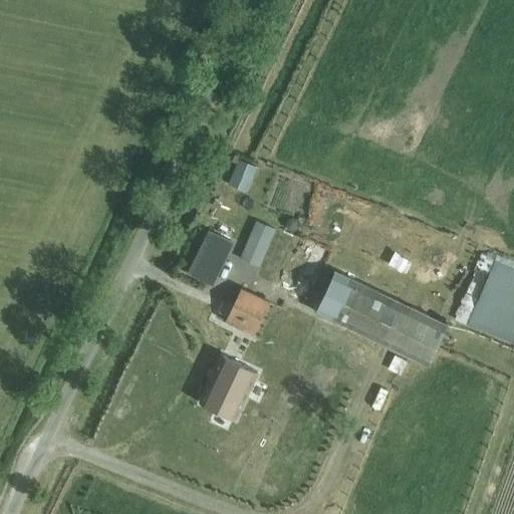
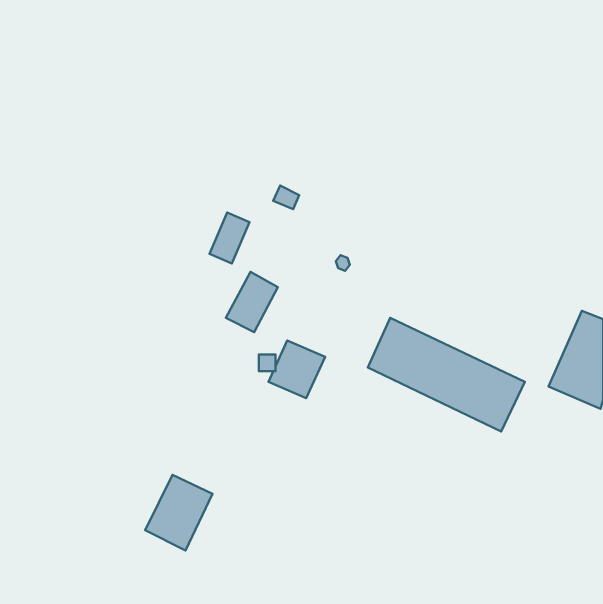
building: [239,222,273,265] -> [209,213,250,263]
building: [199,355,256,420] -> [145,475,213,550]

